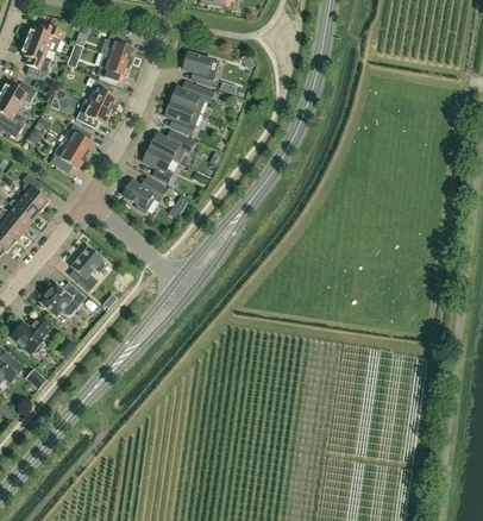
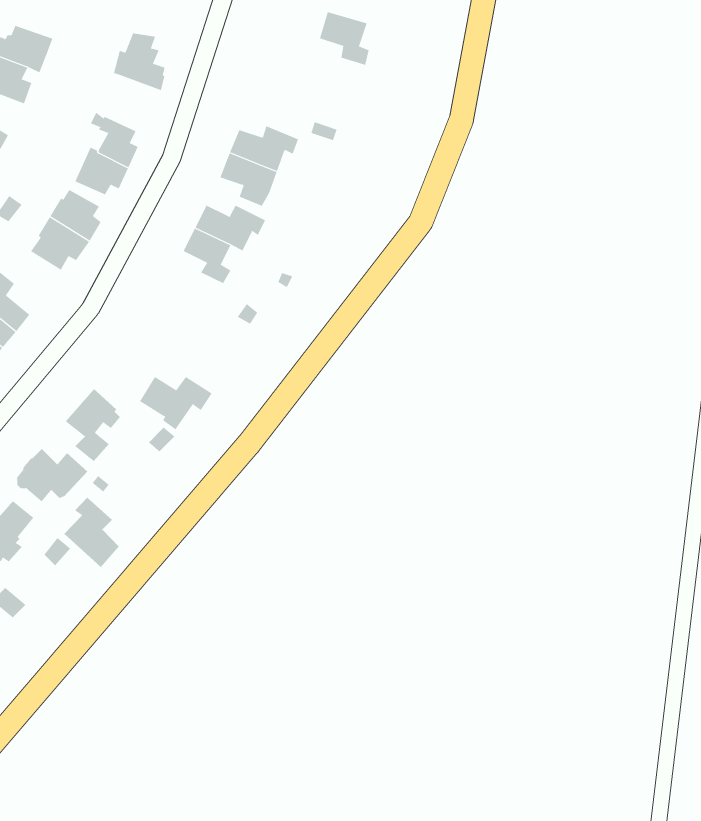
building: [183,52,214,86] -> [319,11,370,66]
building: [98,54,130,81] -> none
building: [123,180,168,213] -> [139,376,213,430]
building: none -> [63,497,119,568]

